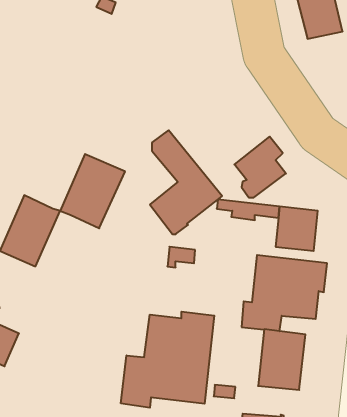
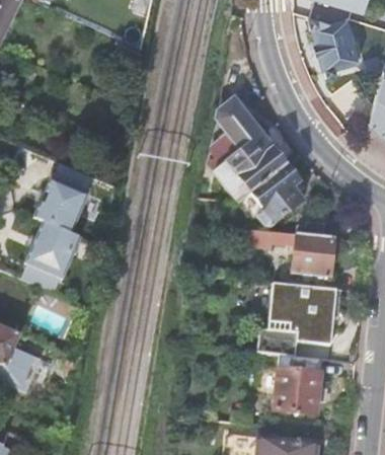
building: [150,130,222,234] -> [216,100,287,203]
building: [60,154,125,228] -> [35,163,99,236]
building: [121,312,214,408] -> none

